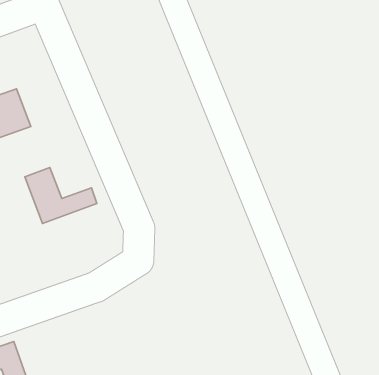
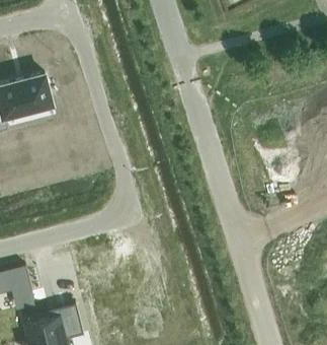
building: [25,168,97,224] -> none

